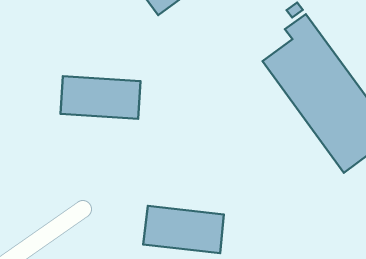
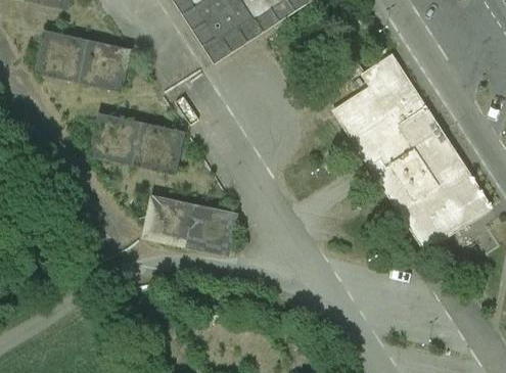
building: none -> [38,34,132,91]
building: [143,206,224,253] -> [142,194,239,254]

